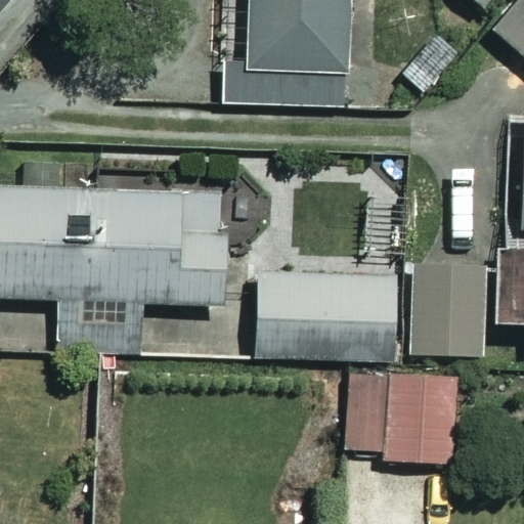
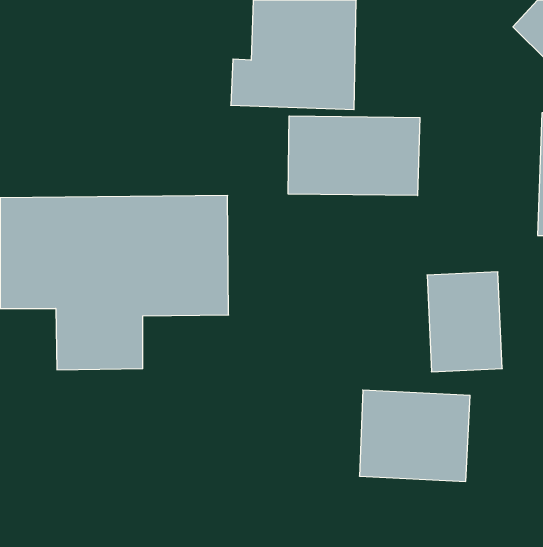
building: none -> [288,116,420,196]
building: [256,271,394,358] -> none

